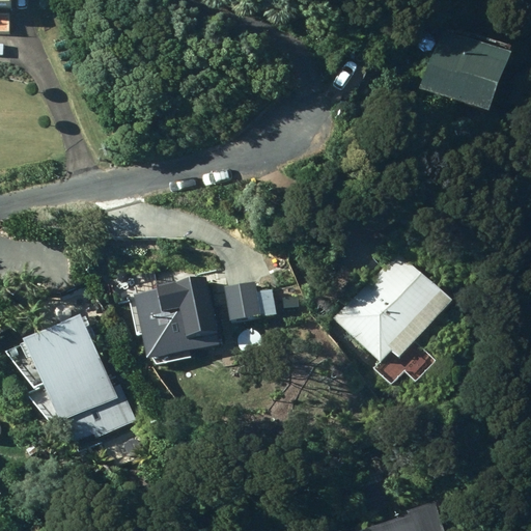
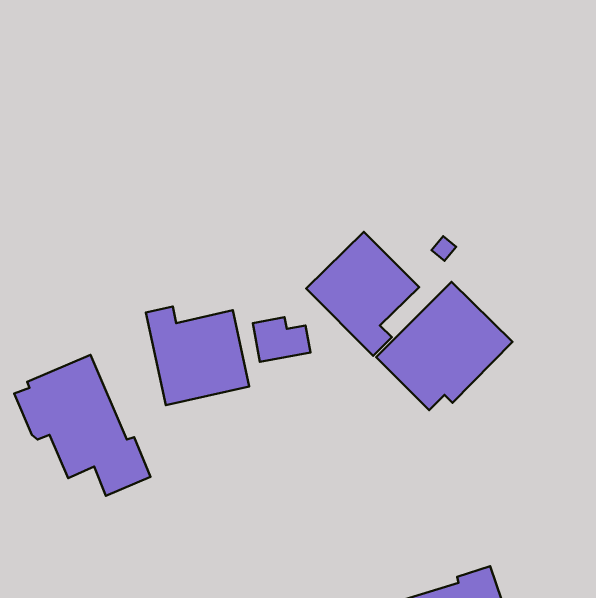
building: [422,31,509,111] -> none
building: none -> [306,232,419,356]

